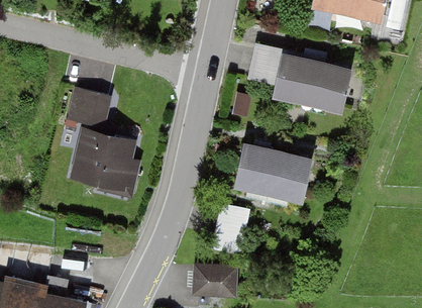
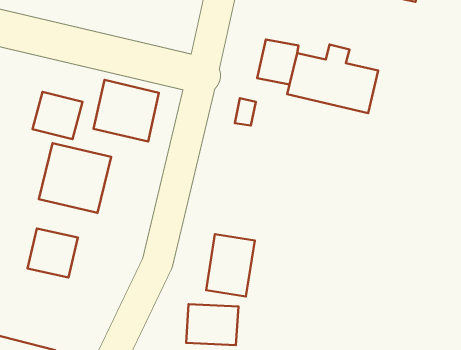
building: none -> [94,80,159,142]
building: [234,142,313,201] -> none
building: none -> [27,229,78,278]

